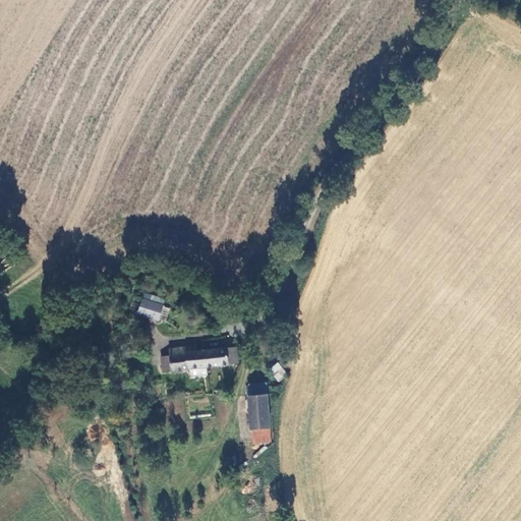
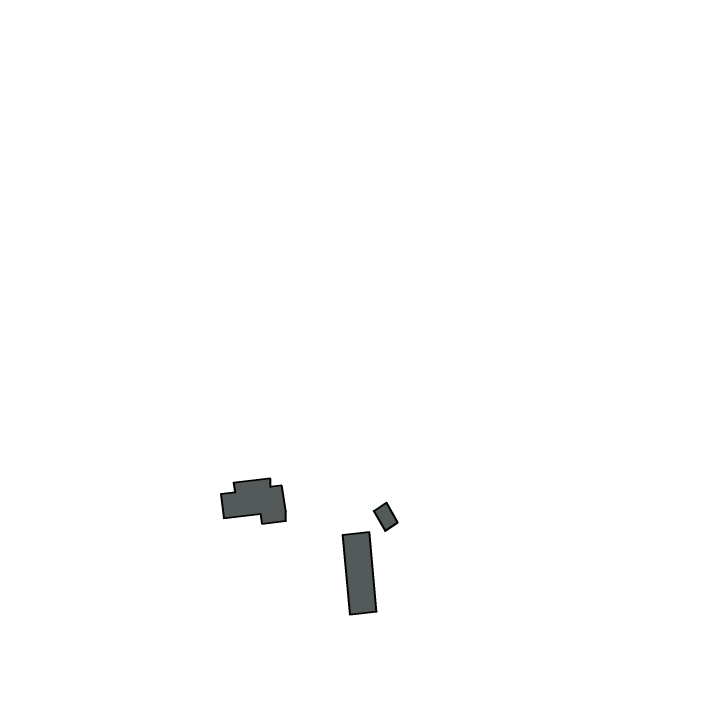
building: [137,293,163,320] -> none
building: [202,347,236,368] -> none

